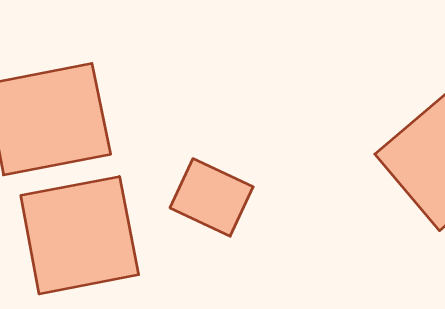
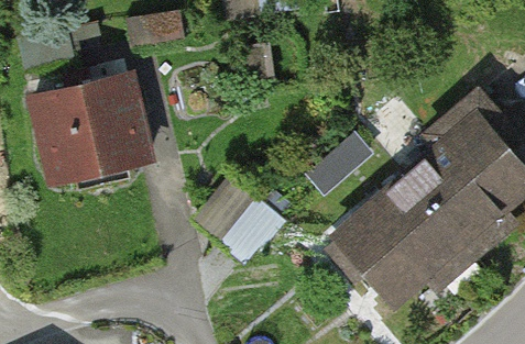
building: none -> [336,166,475,306]
building: [21,176,139,294] -> none

